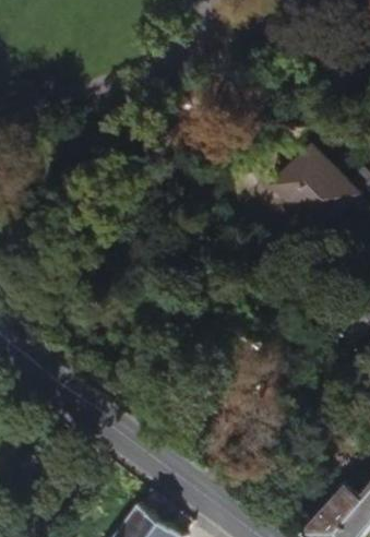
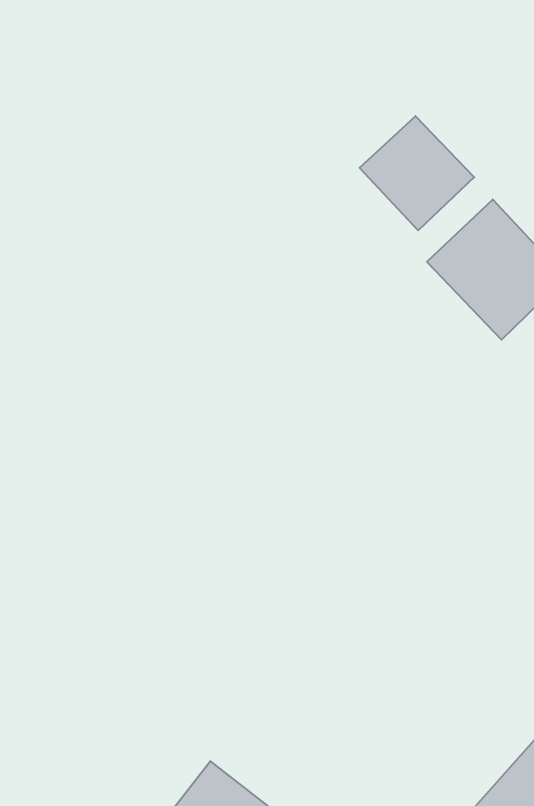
building: none -> [360,116,474,230]

